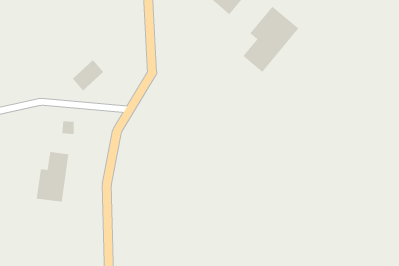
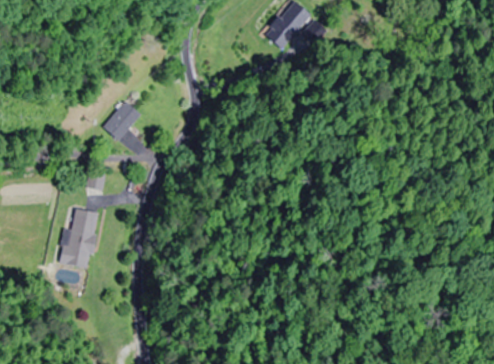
building: [243,6,299,73] -> none

